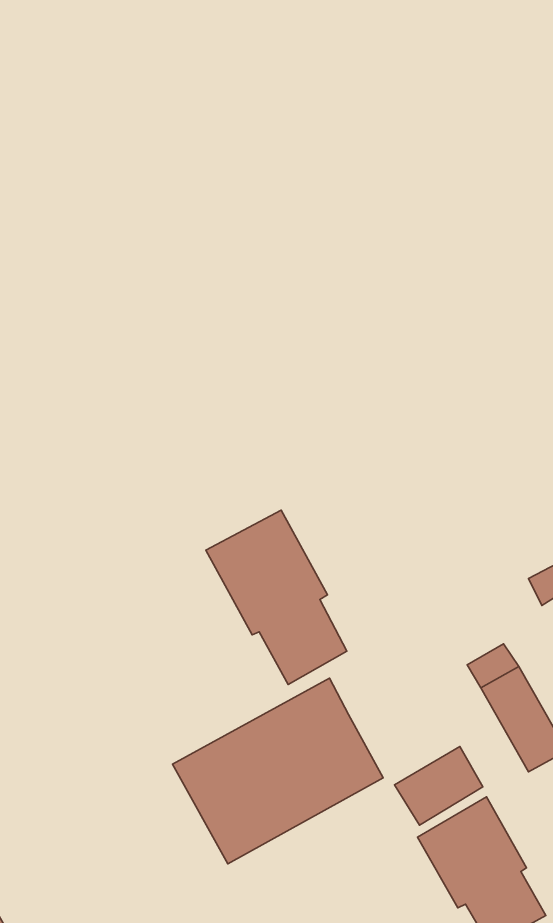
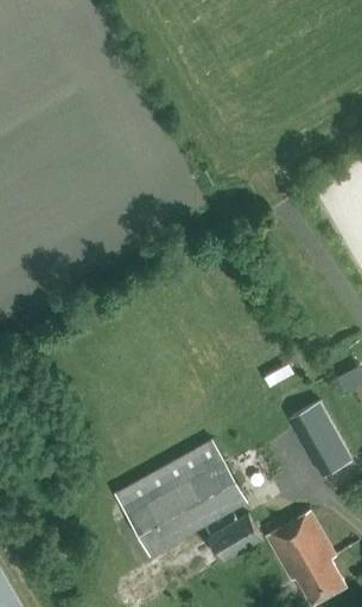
building: [206,510,347,684] -> none
building: [395,747,483,825] -> [208,515,262,563]

